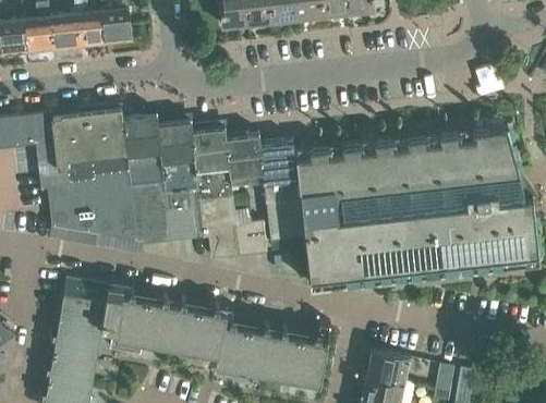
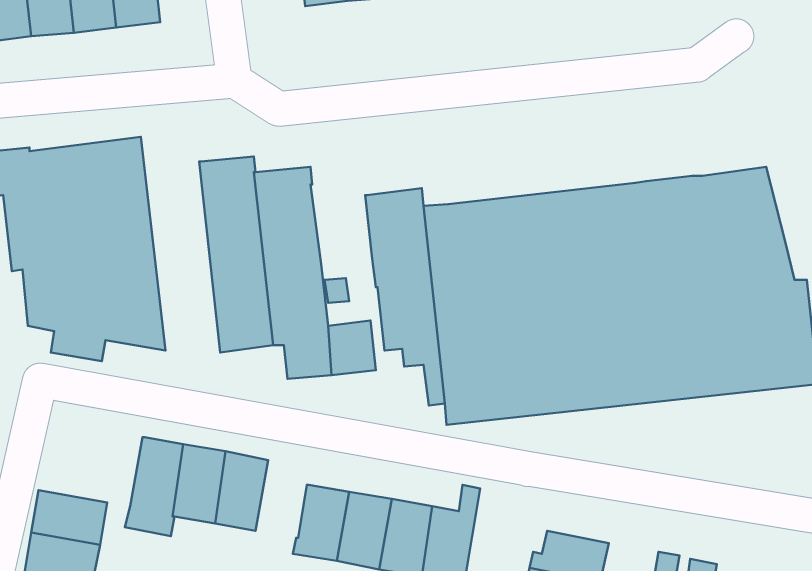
building: [122,113,170,244] -> none
building: [226,134,264,187] -> none
building: [58,279,123,337] -> none
building: [192,308,227,356] -> none

